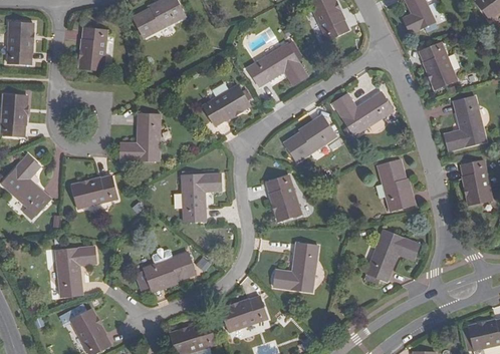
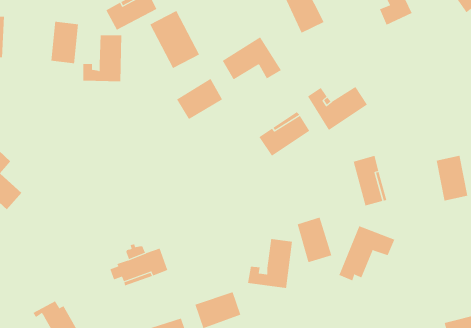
building: none -> [150,10,200,69]
building: [419,42,457,89] -> none
building: [444,96,486,150] -> none
building: [120,114,160,160] -> [83,35,122,82]
building: [181,173,221,222] -> none
building: [72,175,116,209] -> none
building: [266,175,301,221] -> [297,217,332,263]
building: [55,246,95,296] -> none

